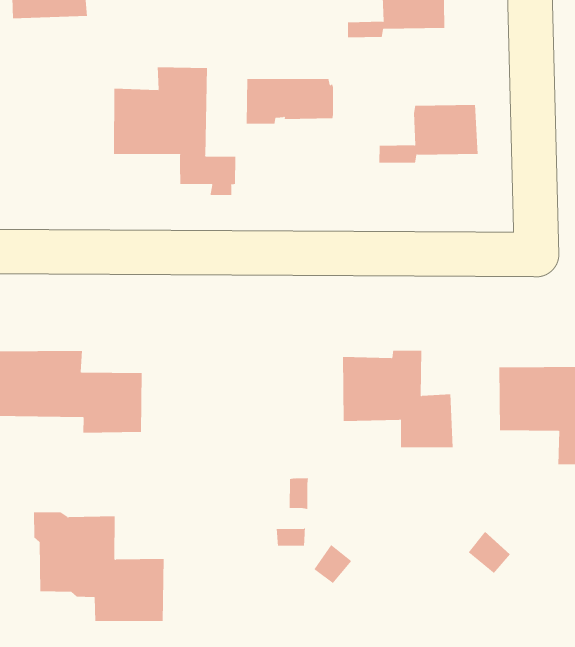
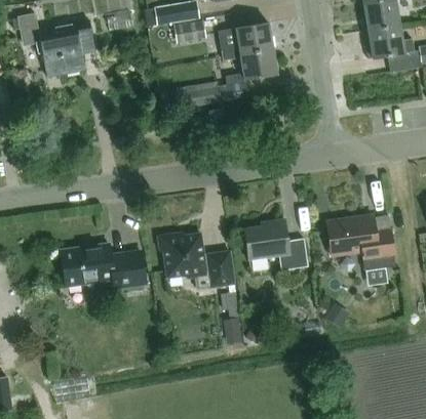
building: [114,67,236,196] -> none
building: [378,104,478,163] -> [226,48,278,86]
building: [33,512,165,621] -> [158,232,234,288]

